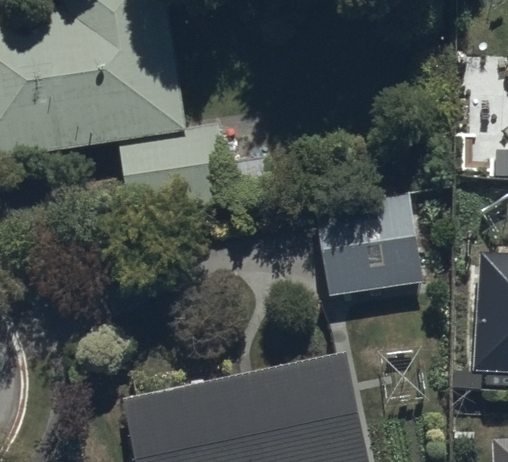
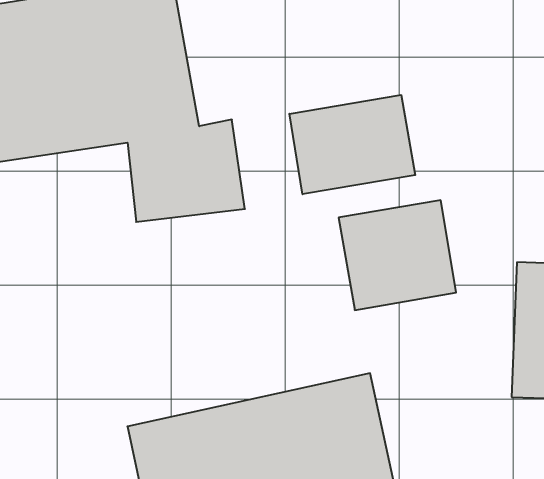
building: none -> [289,95,415,194]

